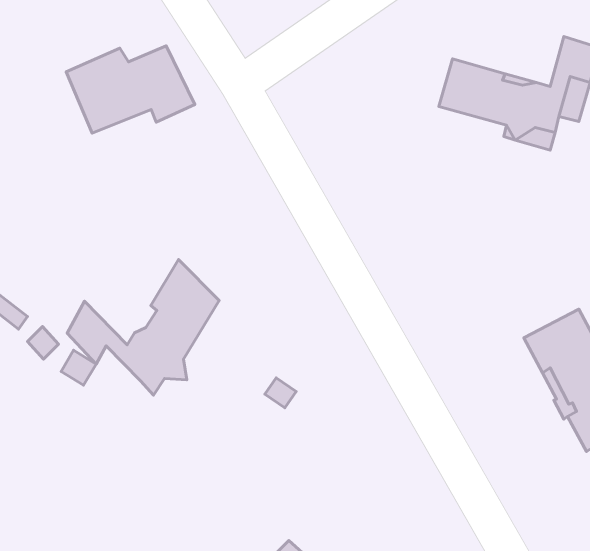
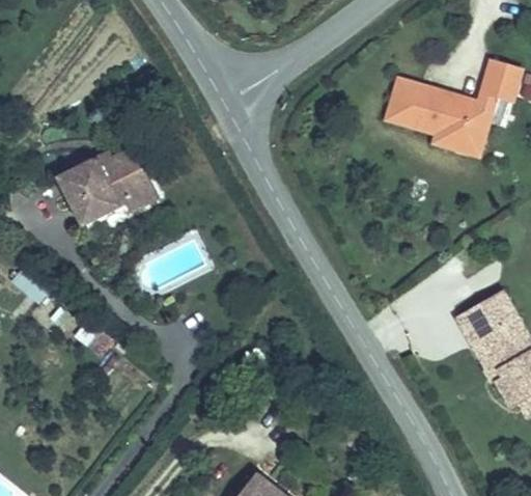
building: [66,46,195,133] -> [55,147,162,220]
building: [67,260,219,395] -> none

